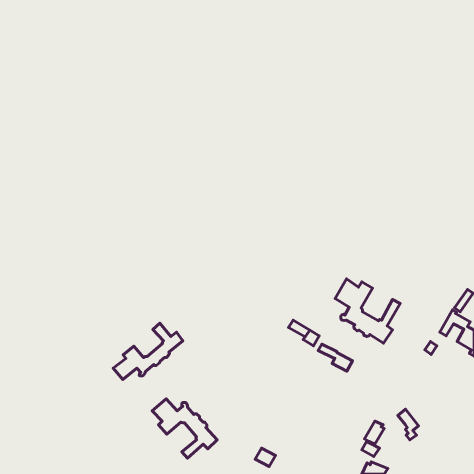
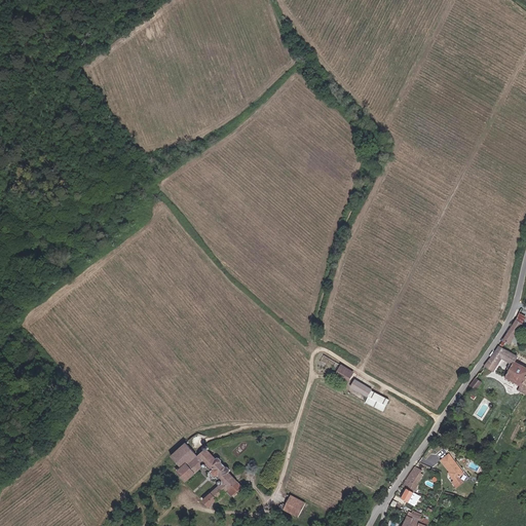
building: [335,279,400,343] -> none
building: [113,323,183,379] -> none

